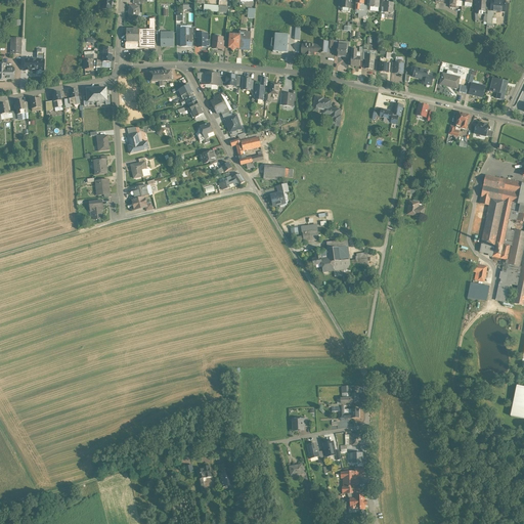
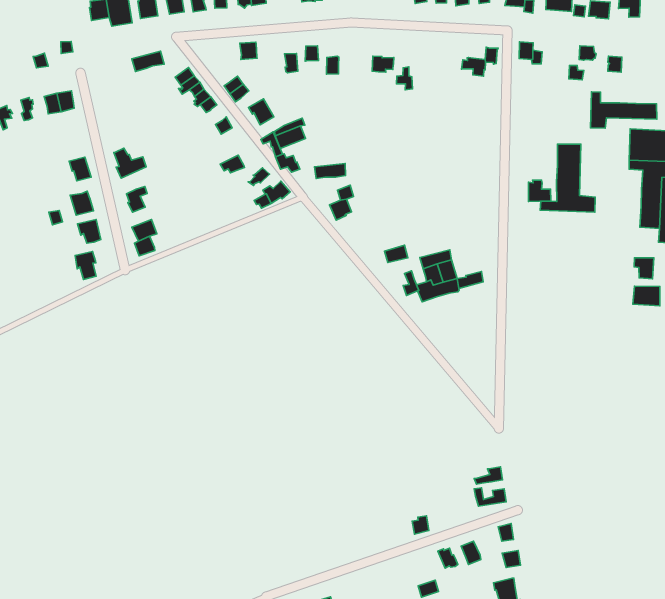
building: none -> [590,92,657,128]
building: none -> [540,144,595,212]

